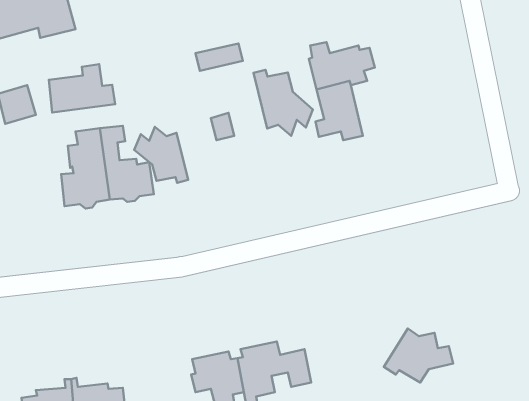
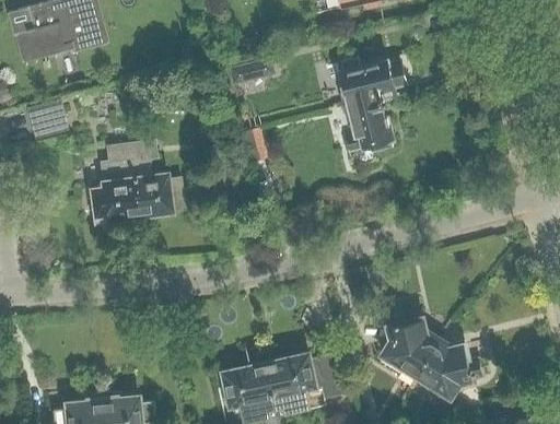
building: [49,64,115,113] -> none
building: [253,70,313,136] -> none
building: [134,127,188,183] -> none
building: none -> [381,313,436,379]

